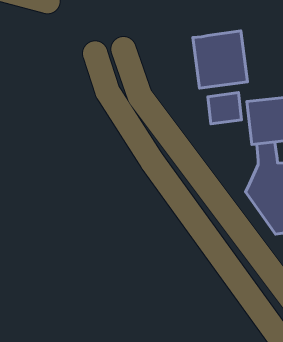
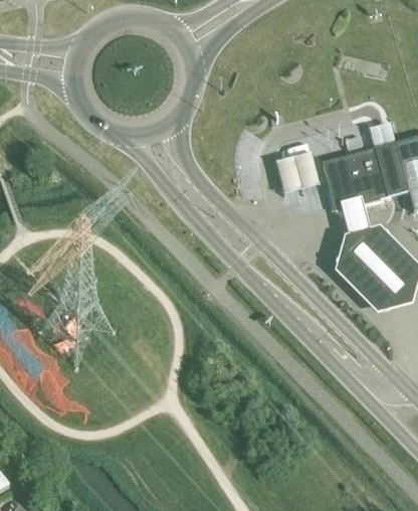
building: [193,31,247,88] -> none

